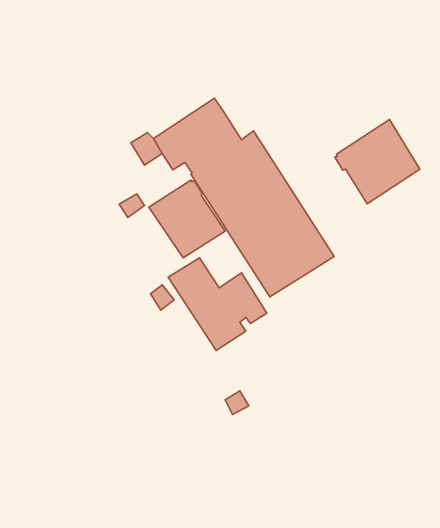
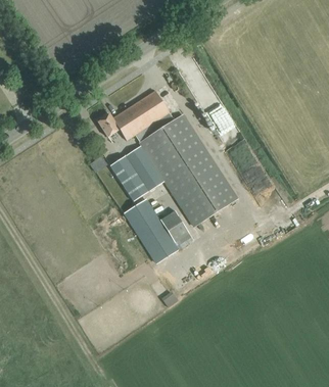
building: [335,120,420,204] -> none

